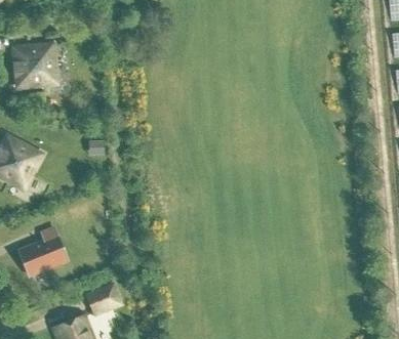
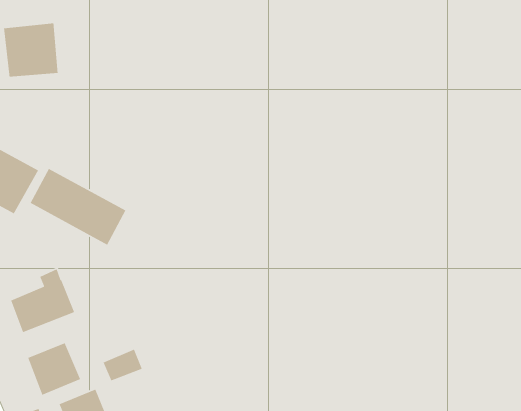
building: none -> [30,168,126,246]
building: none -> [27,342,81,396]

